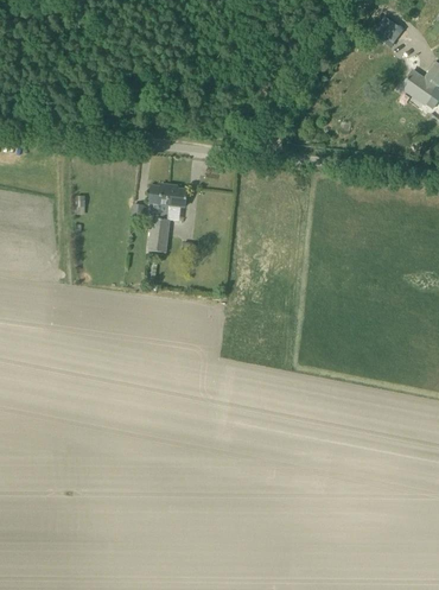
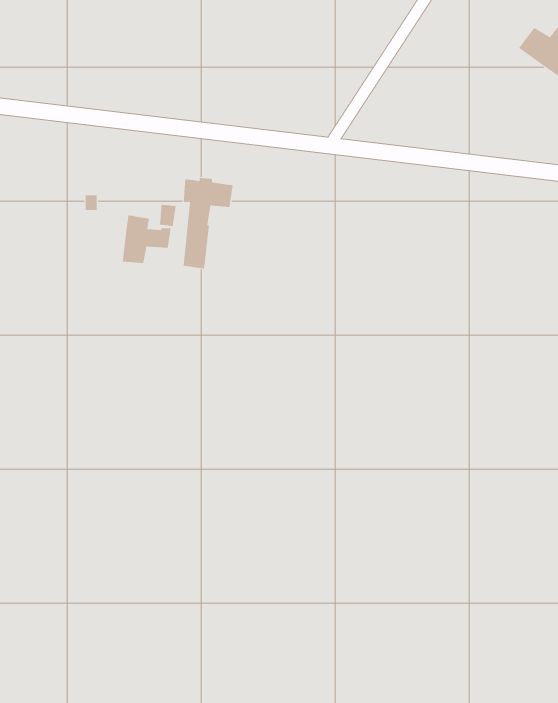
building: none -> [122,215,171,264]

